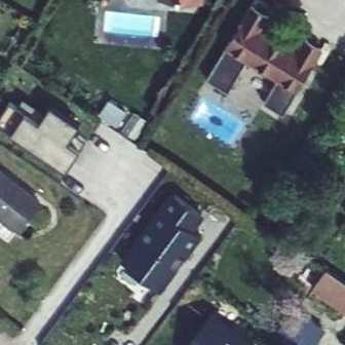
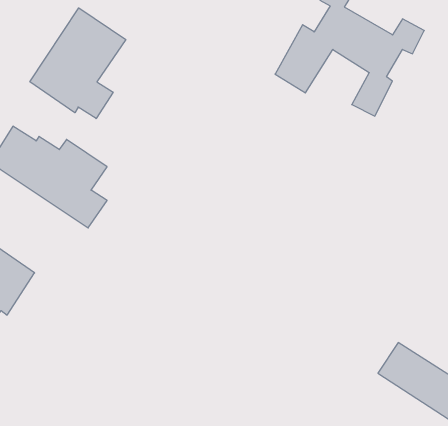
building: none -> [30,8,126,119]
building: [130,189,208,285] -> none

